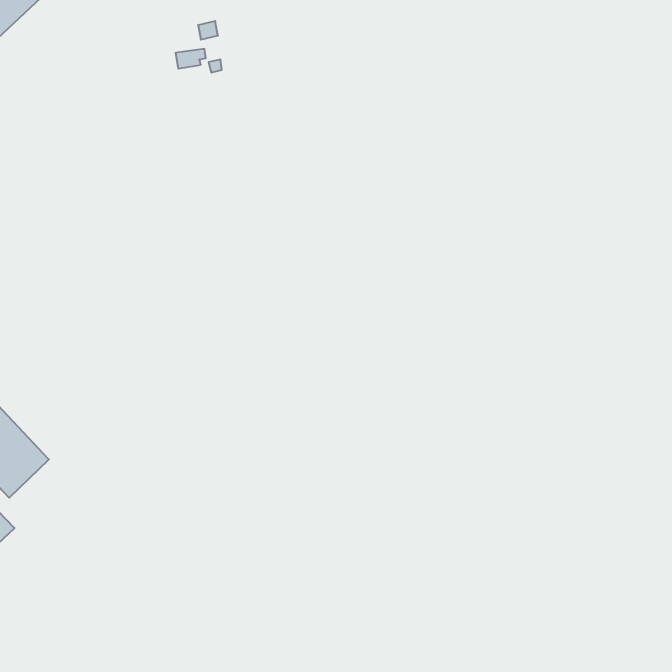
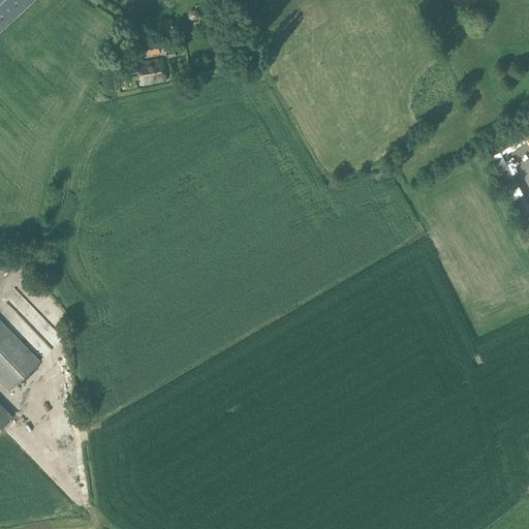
building: none -> [136,58,163,83]

